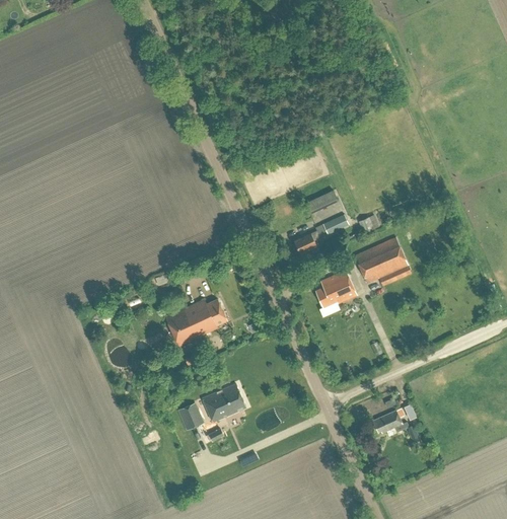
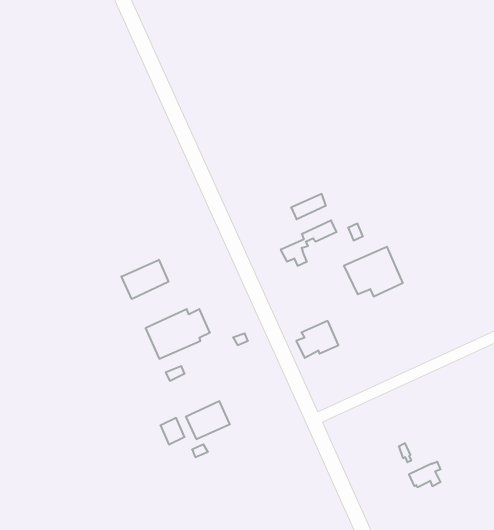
building: none -> [121,260,168,299]
building: [314,272,355,307] -> [296,321,338,358]
building: [372,407,403,432] -> [409,462,441,487]

